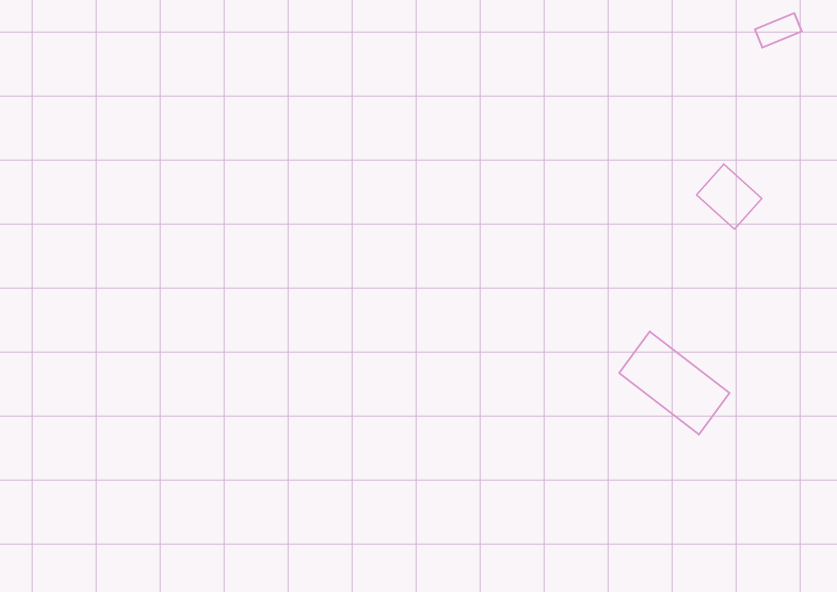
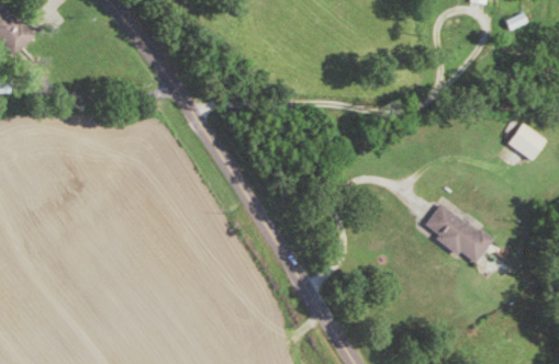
building: [697,164,762,229] -> [507,122,547,161]

